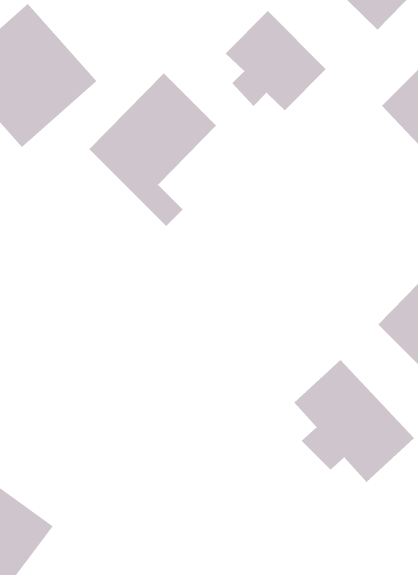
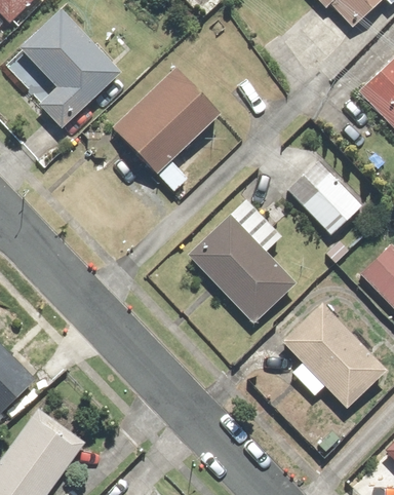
building: [225,10,326,111] -> none
building: none -> [288,162,363,237]
building: none -> [188,197,299,323]

